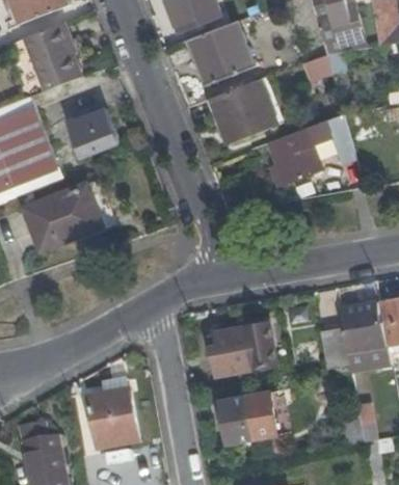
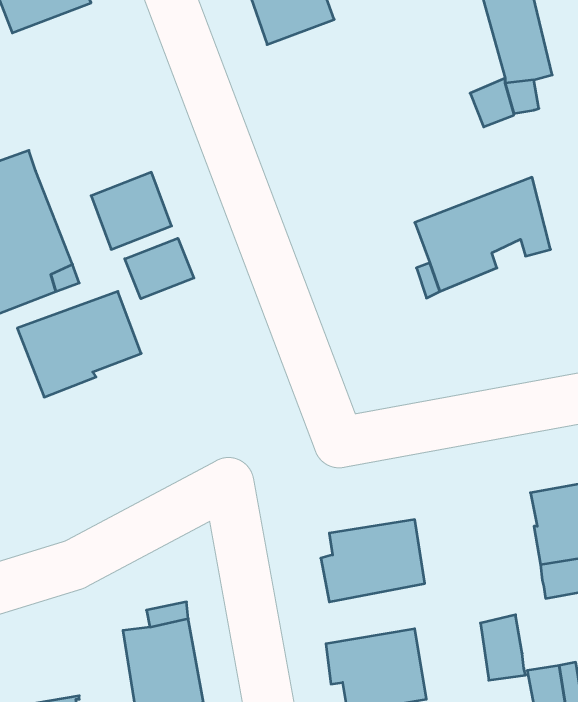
building: [188,20,252,84] -> none
building: [23,21,77,83] -> none
building: [209,78,276,143] -> none
building: none -> [125,238,194,299]
building: [321,329,349,370] -> [480,615,526,680]

